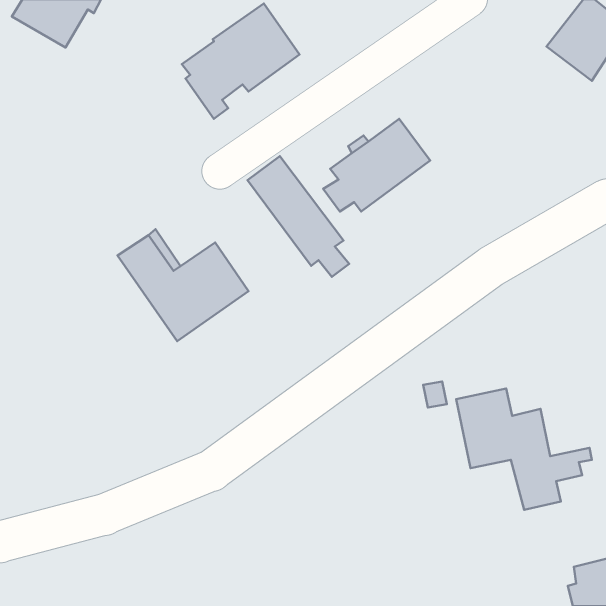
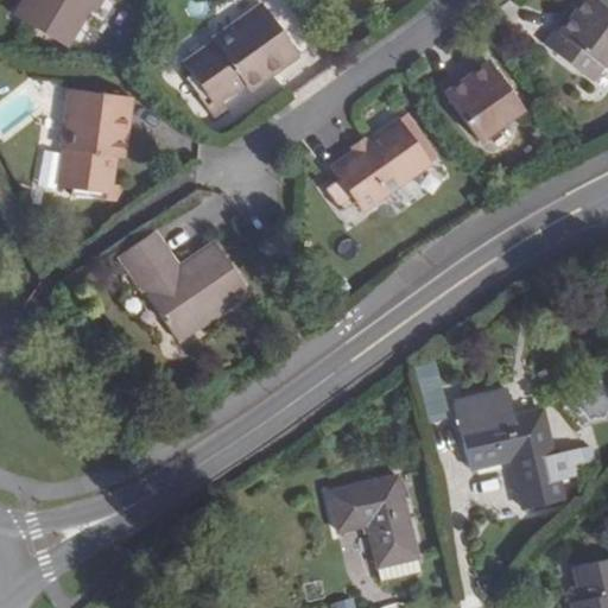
building: none -> [439,59,524,141]
building: none -> [58,89,132,202]
building: [248,156,349,277] -> none
building: none -> [330,476,414,565]

